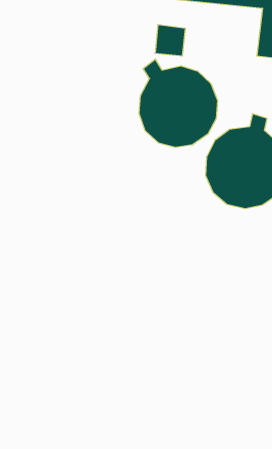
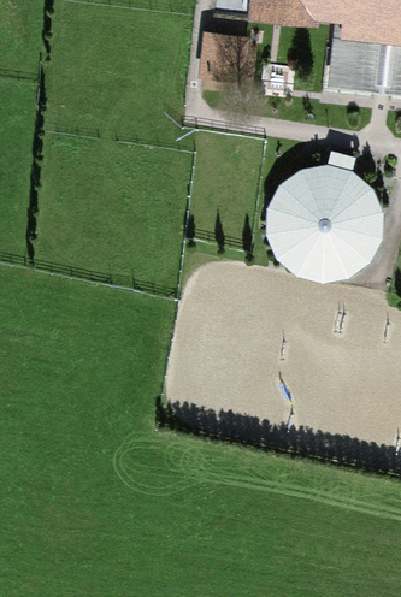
building: [139,59,218,147] -> none

